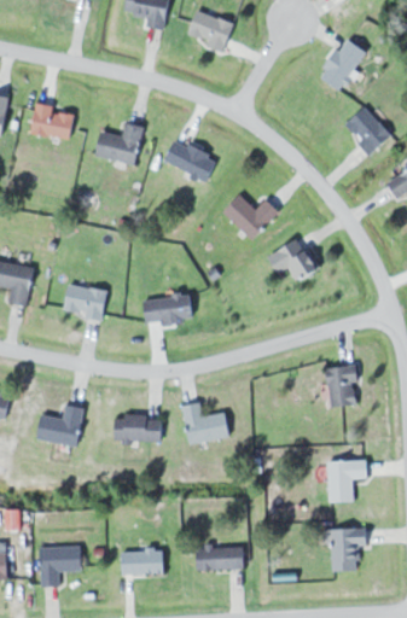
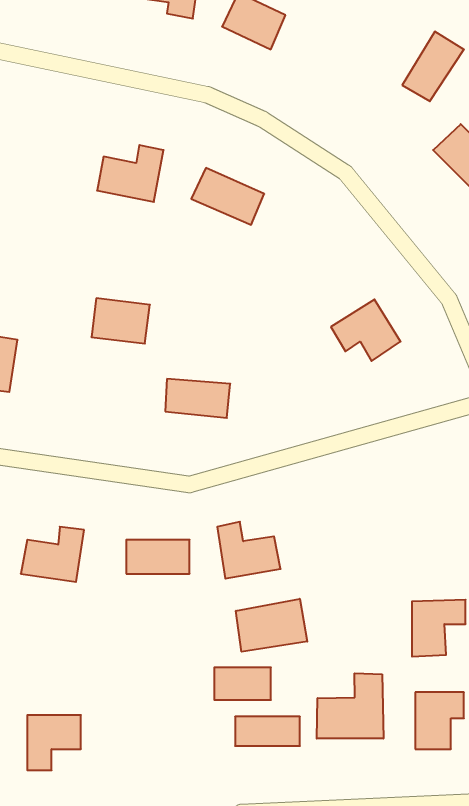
building: [30,104,75,140] -> none
building: [222,194,279,239] -> none
building: [63,285,106,319] -> [91,298,150,344]
building: [326,366,356,406] -> none
building: none -> [236,599,307,652]
building: none -> [317,673,383,739]
building: [121,550,163,575] -> [214,667,271,700]

